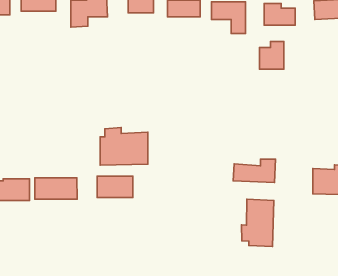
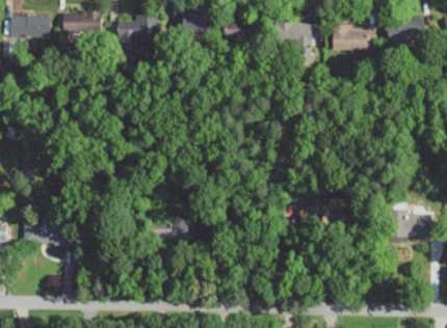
building: [260,41,284,69] -> none
building: [100,128,148,165] -> none
building: [35,178,77,199] -> none
building: [242,199,274,247] -> none

